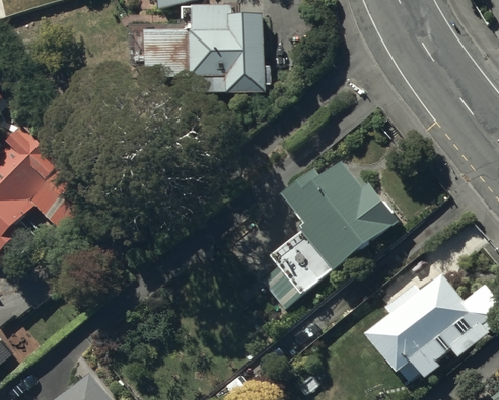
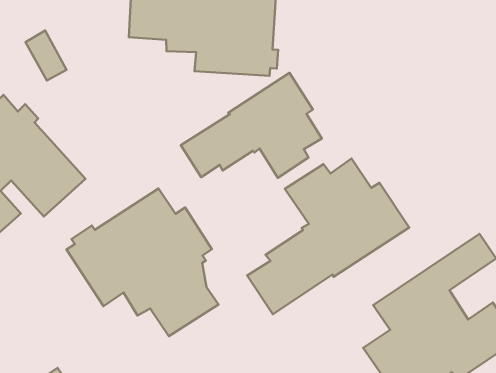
building: none -> [181,73,322,178]
building: none -> [67,188,218,336]

